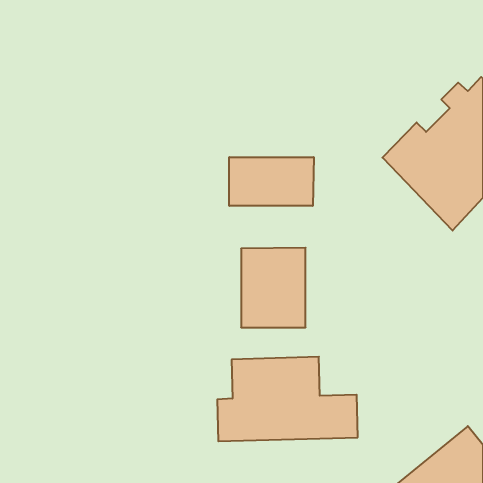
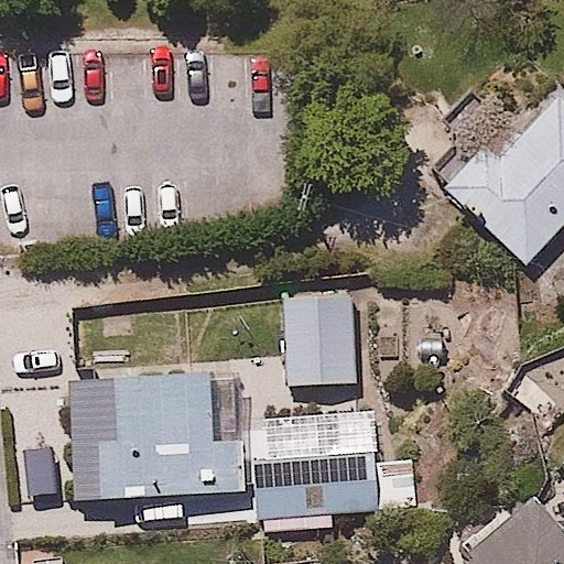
building: [229,157,314,206] -> none
building: none -> [75,376,239,496]

